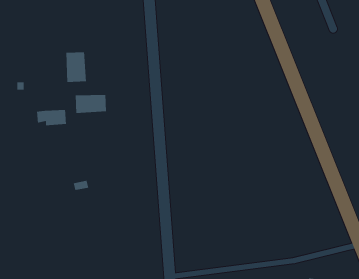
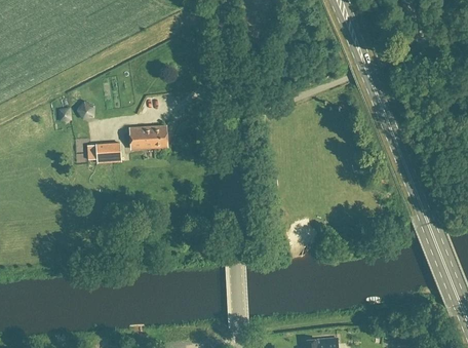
building: [65,51,87,83] -> none

